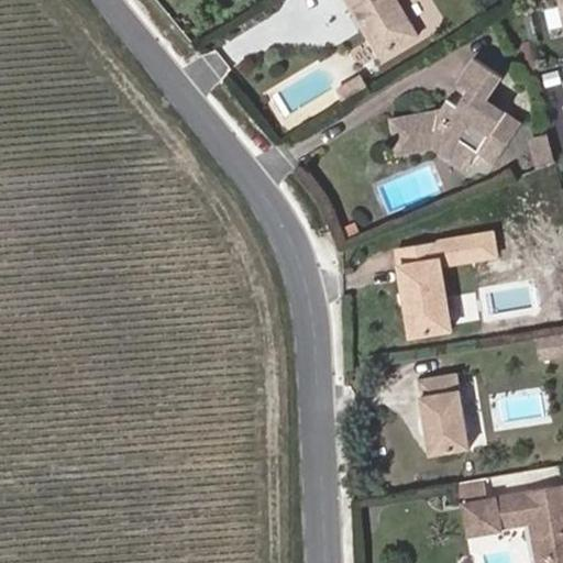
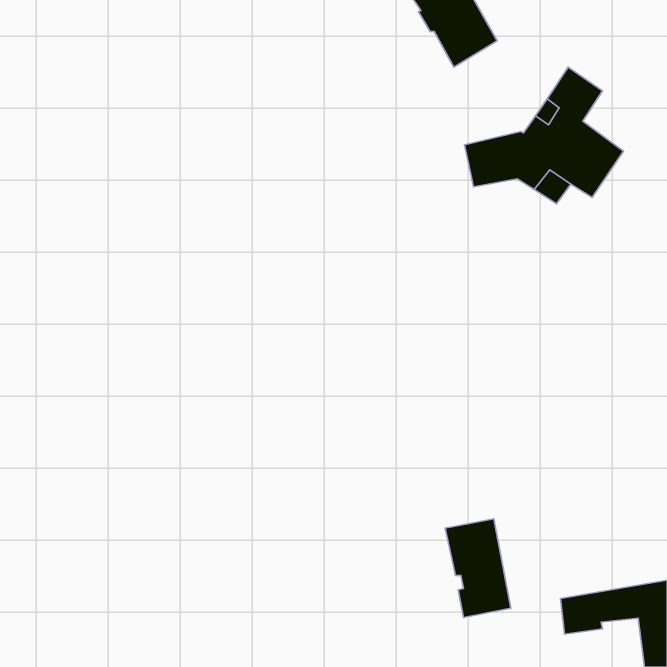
building: [395,233,493,336] -> none
building: [421,371,476,453] -> [445,519,511,618]

